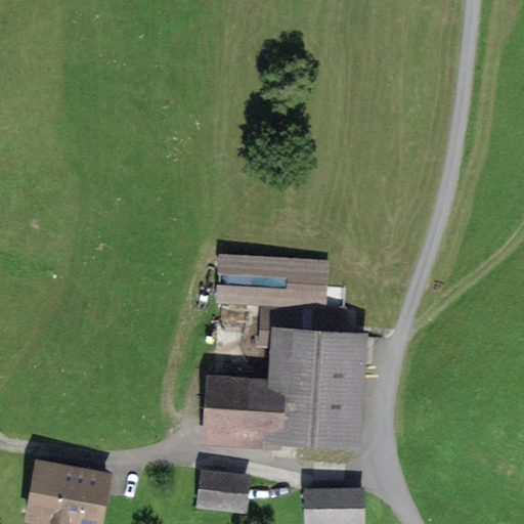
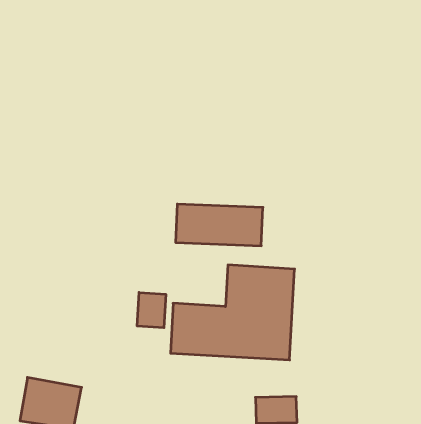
building: none -> [137,292,166,328]
building: [195,478,242,508] -> none

